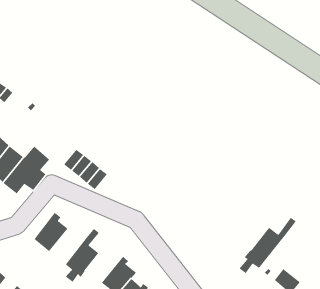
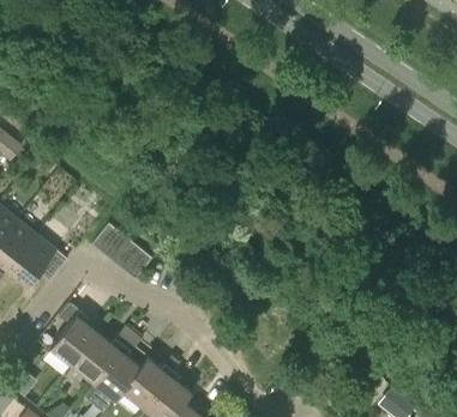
building: [238,217,297,274] -> none
building: none -> [72,326,133,382]
building: none -> [121,357,173,407]

